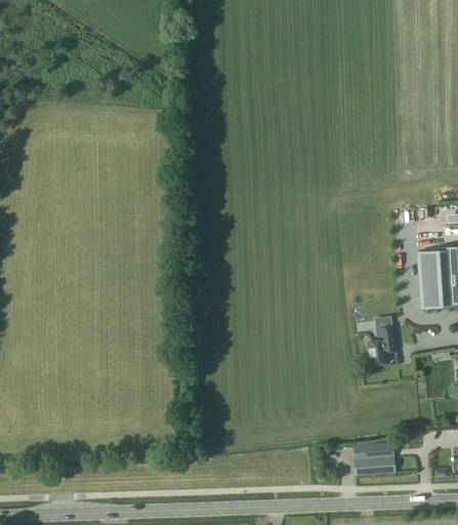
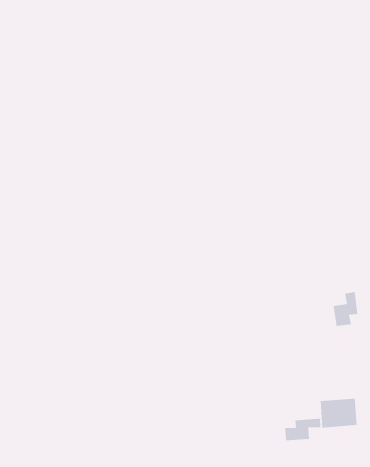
building: none -> [284,418,321,441]

